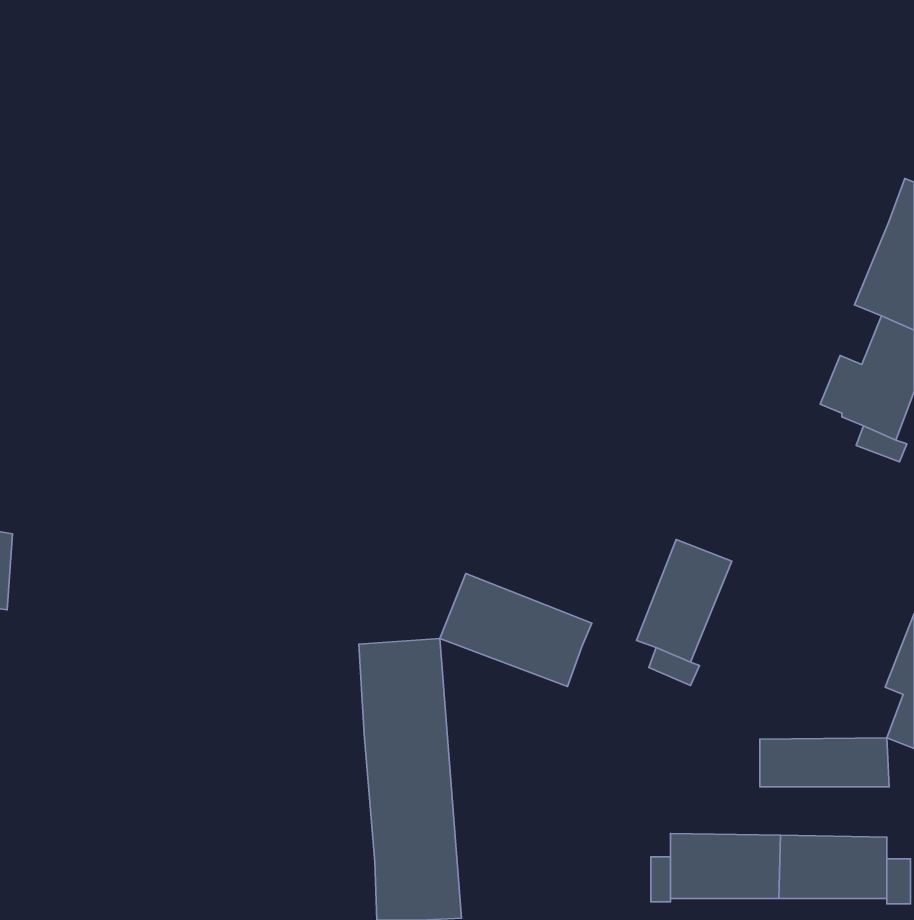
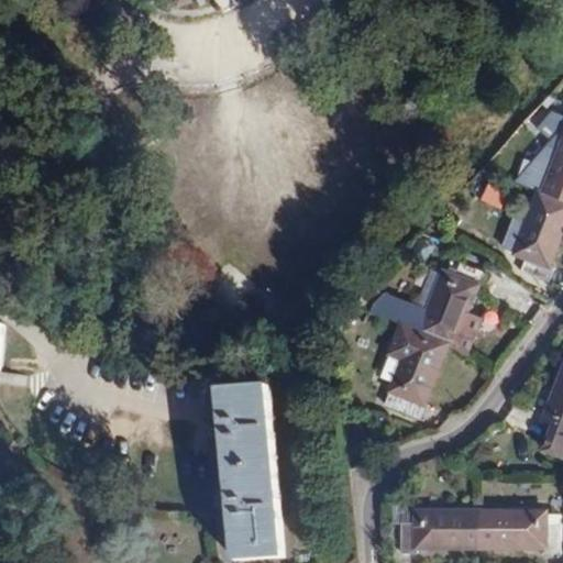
building: none -> [368,262,486,354]
building: [440,574,592,687] -> none
building: [760,738,889,787] -> none

